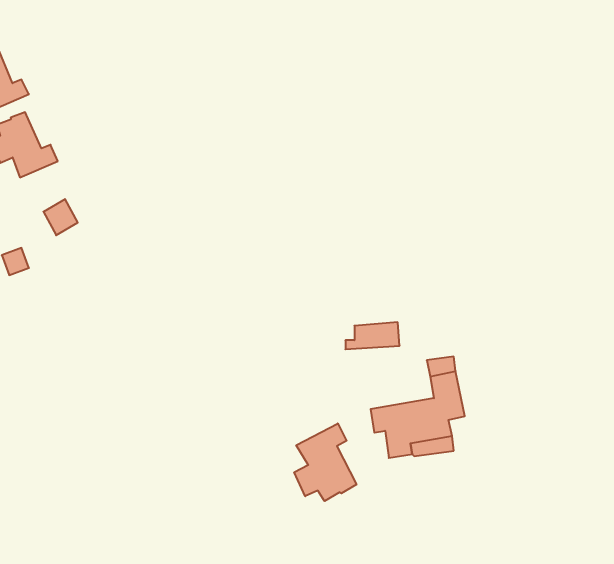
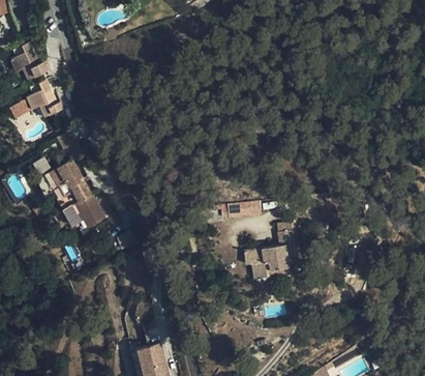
building: none -> [50,160,105,229]
building: [294,423,356,501] -> none

